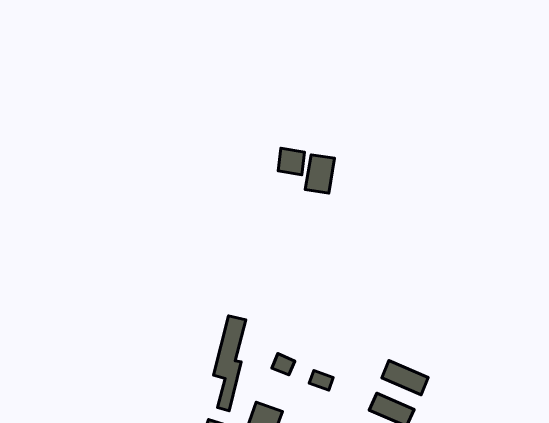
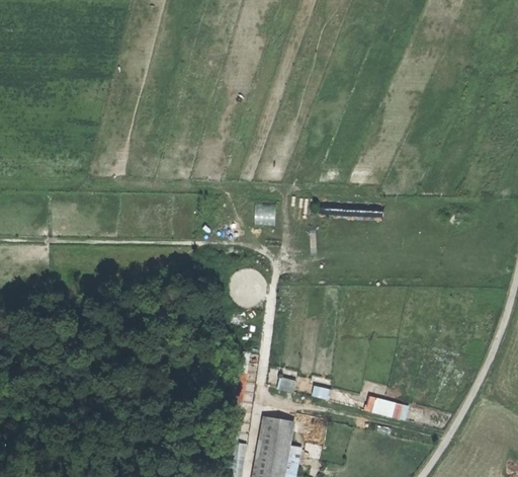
building: [305,155,335,193] -> none
building: [382,361,428,395] -> none

